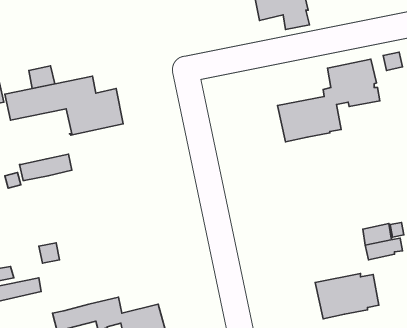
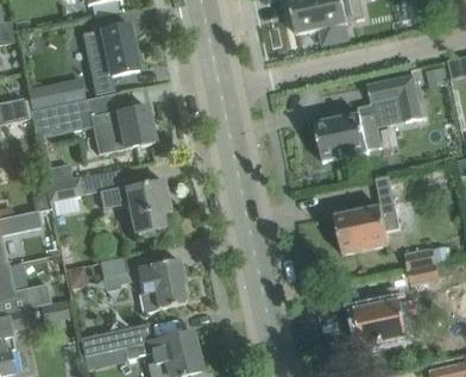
building: none -> [84,21,139,92]
building: none -> [335,175,399,252]
building: none -> [100,177,169,232]
building: none -> [99,256,185,312]

